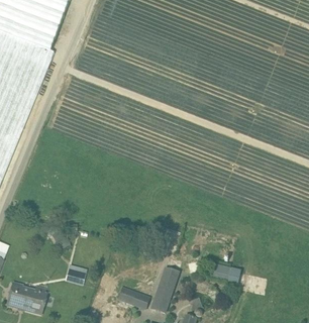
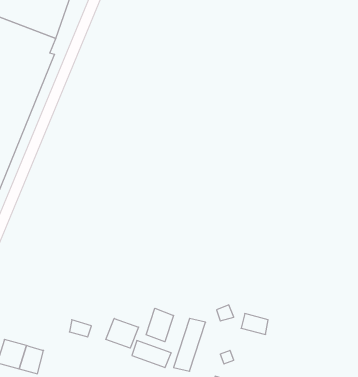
building: none -> [146,308,174,342]
building: none -> [106,318,139,348]

